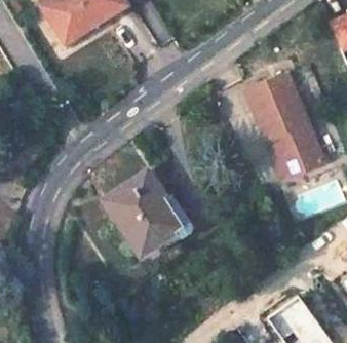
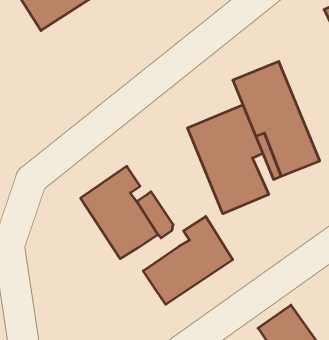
building: none -> [188,105,269,214]
building: none -> [143,216,233,304]

